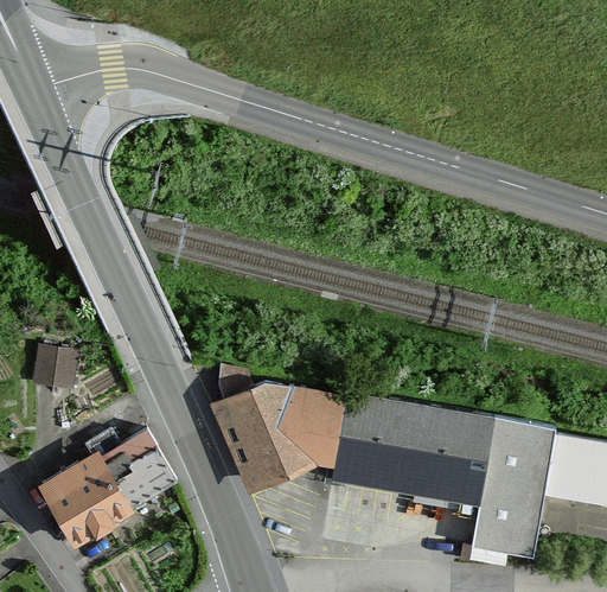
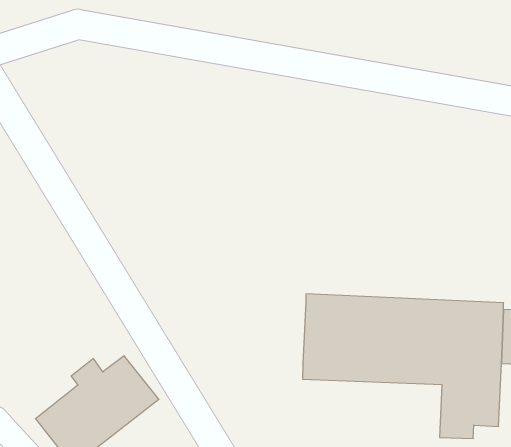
building: [36,349,75,388] -> none
building: [218,367,345,482] -> none

